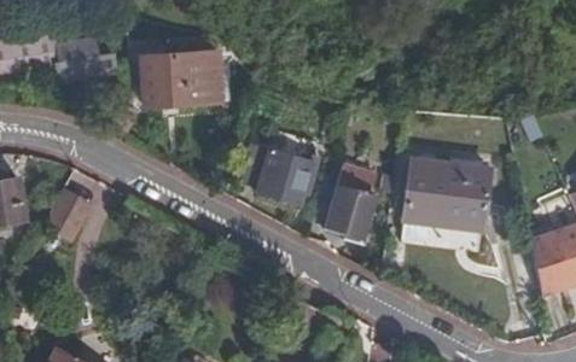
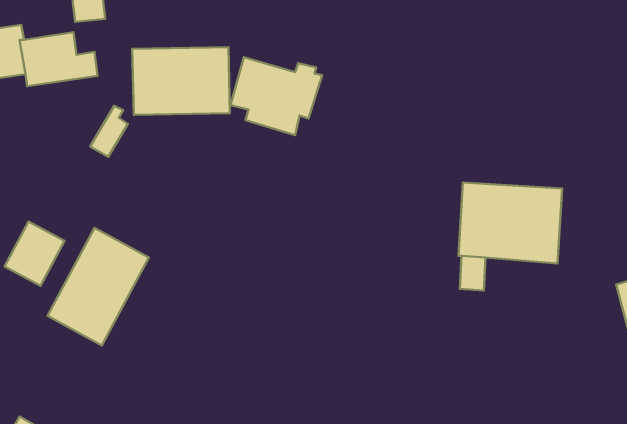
building: [250,145,324,208] -> [230,57,322,135]
building: [325,167,371,245] -> none
building: none -> [48,228,149,345]

